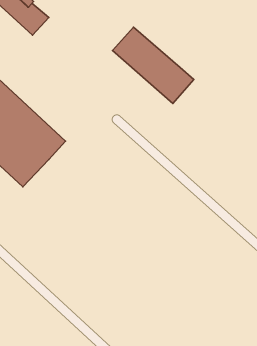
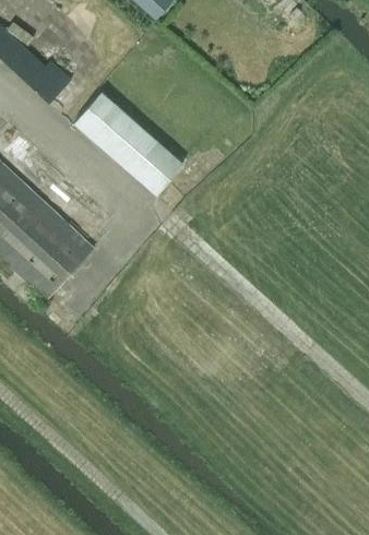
building: [113,27,194,103] -> [71,91,181,194]

